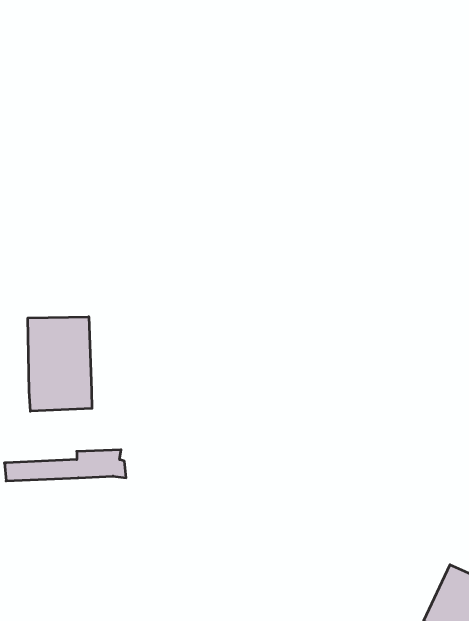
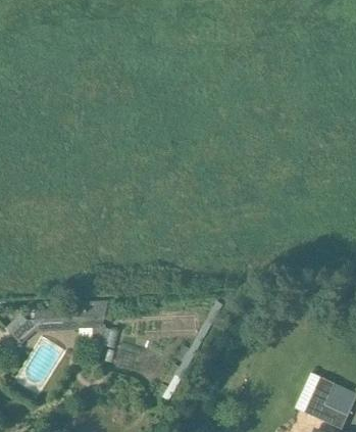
building: [28,317,92,411] -> none

